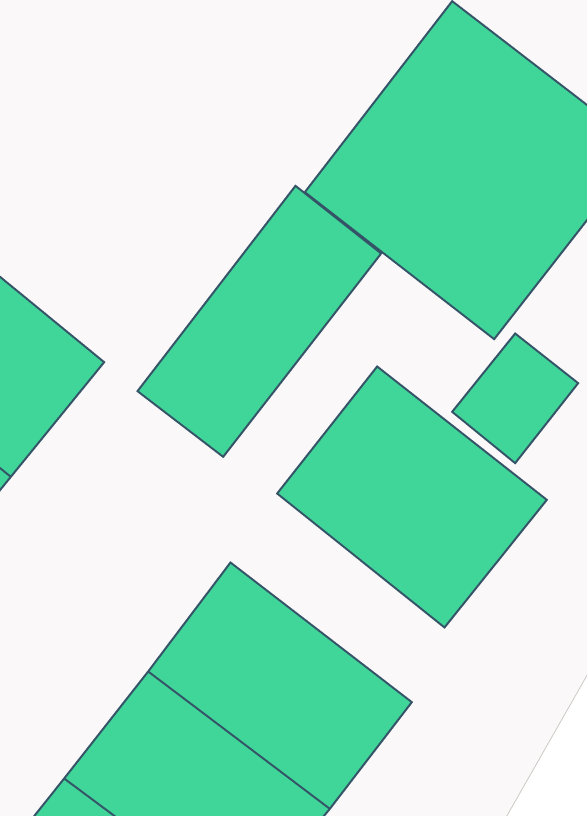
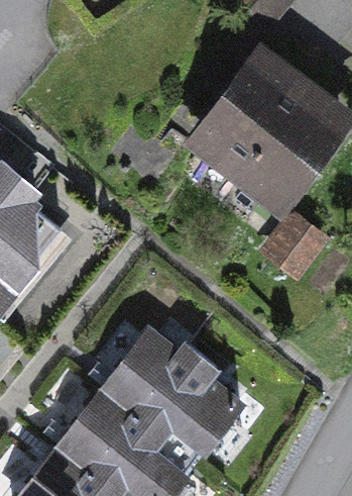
building: [137,186,381,457] -> none
building: [277,366,547,628] -> none

